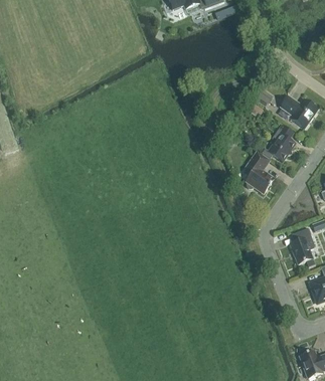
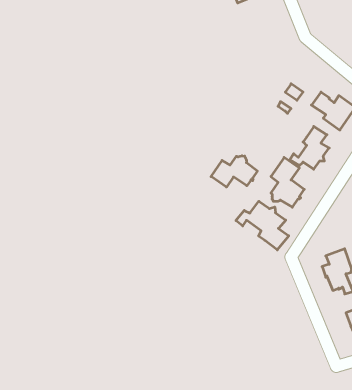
building: none -> [211,156,257,187]
building: none -> [236,201,289,250]

